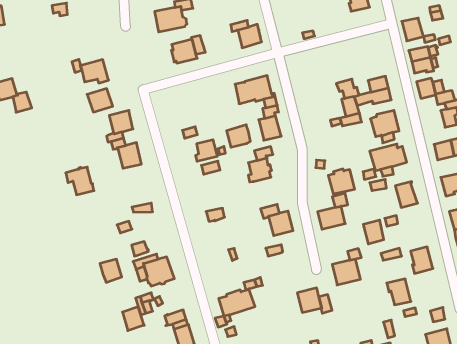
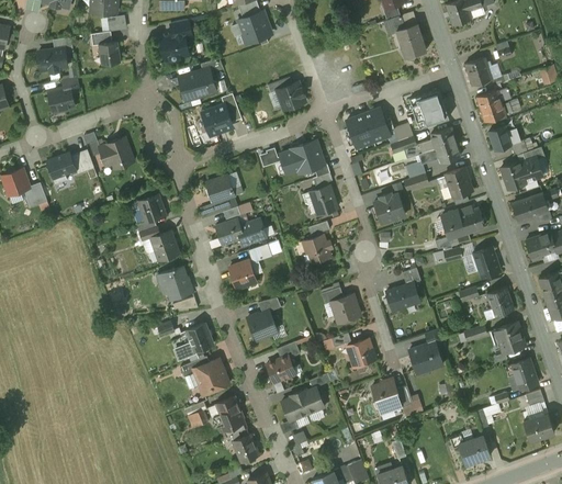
building: none -> [47,88,75,113]
building: none -> [408,90,448,130]
building: none -> [346,109,390,149]
building: [87,89,113,112] -> [47,154,78,182]
building: none -> [206,176,234,203]
building: none -> [499,162,526,190]
building: [227,125,250,147] -> [215,218,244,246]
building: [66,167,94,195] -> [158,267,192,300]
building: [328,169,355,194] -> [373,194,405,224]
building: none -> [228,261,256,289]
building: none -> [247,312,277,340]
building: [363,220,384,244] -> [486,288,512,316]
building: none -> [347,340,374,367]
building: [100,259,122,282] -> [186,325,212,352]
building: none -> [268,356,294,383]
building: [387,279,411,305] -> [508,359,538,390]
building: [122,307,144,331] -> [216,397,243,426]

